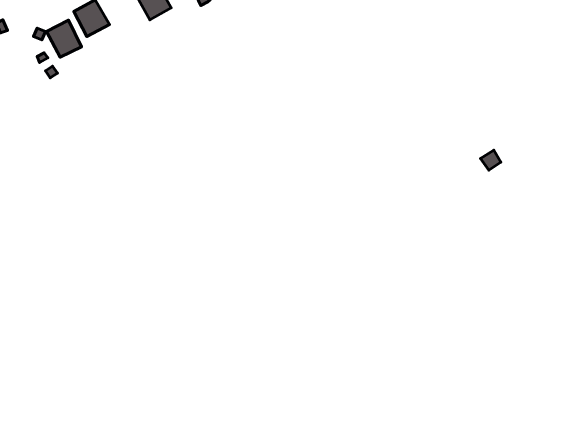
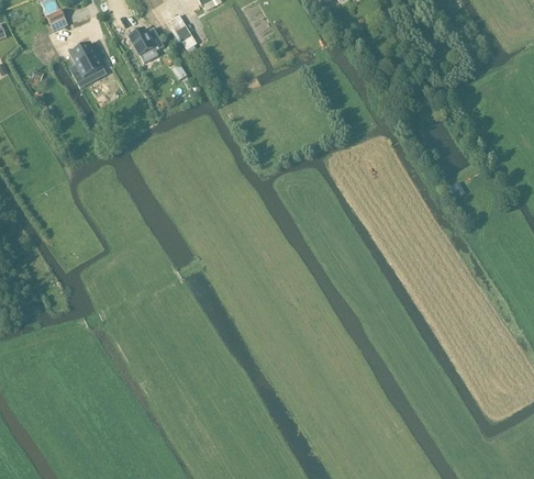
building: [47,20,81,57] -> none

